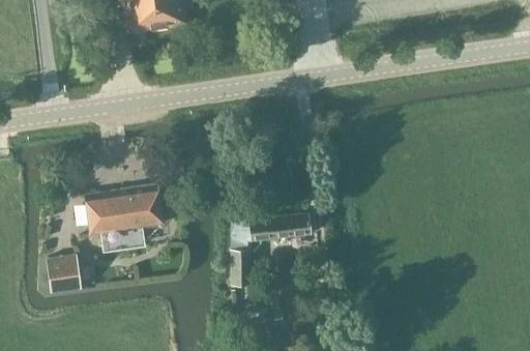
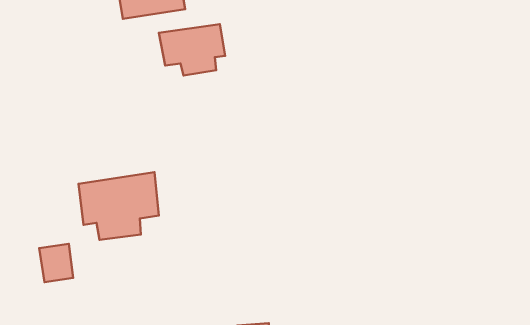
building: none -> [159,24,225,76]
building: [231,213,312,286] -> none

